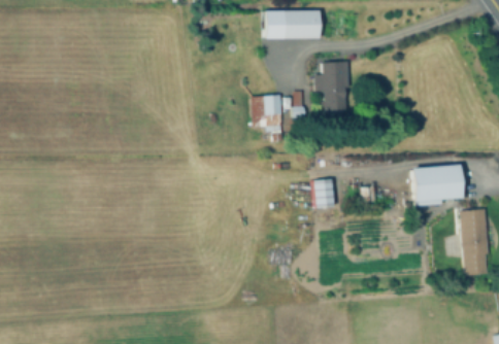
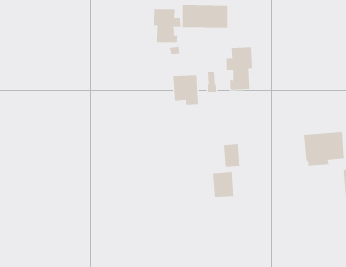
building: none -> [154,8,181,43]
building: none -> [213,171,234,198]

